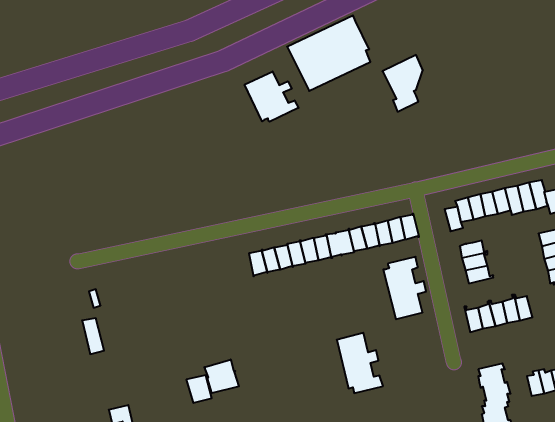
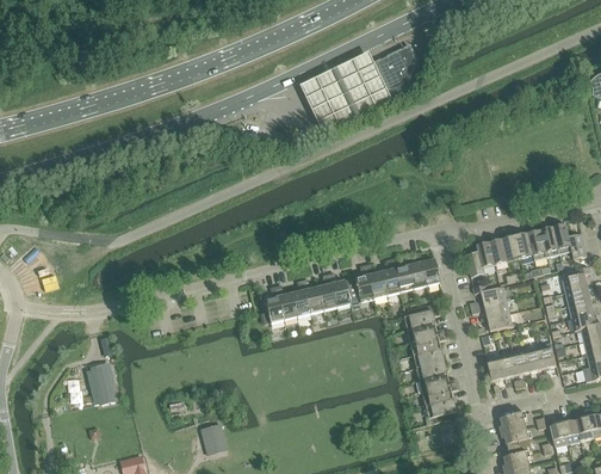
building: [382,55,423,112] -> [373,43,415,101]
building: [245,71,299,122] -> none
building: [337,333,383,393] -> [415,359,463,421]
building: [204,359,239,393] -> none

